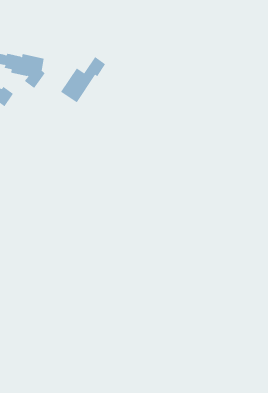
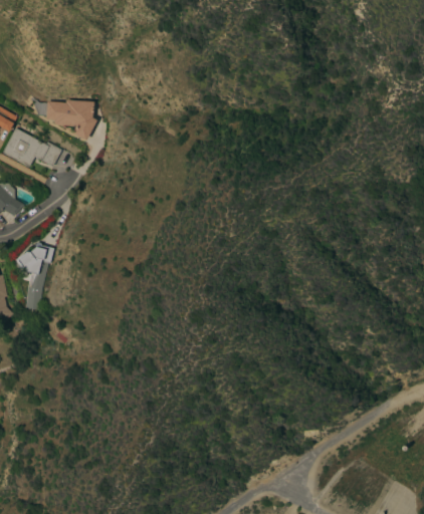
building: [60,56,106,103] -> none

